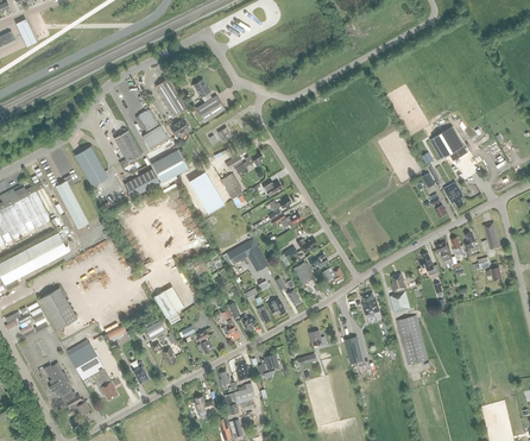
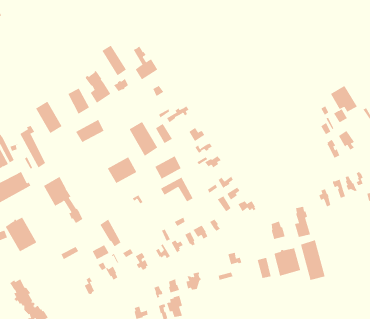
building: [151,149,188,182] -> [107,157,137,184]
building: none -> [155,156,182,180]
building: none -> [274,247,301,276]
building: [69,342,118,401] -> [43,176,83,224]

